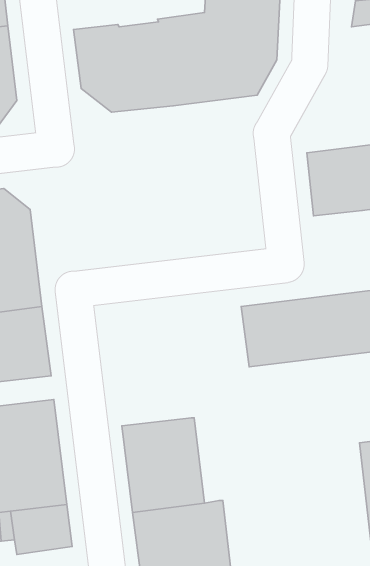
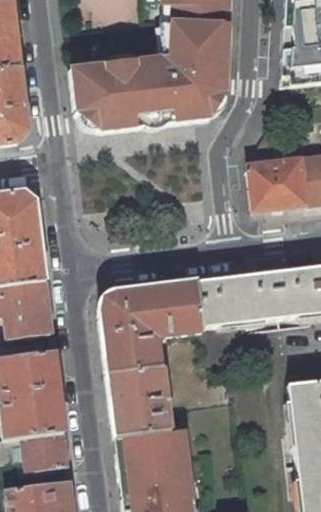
building: none -> [100,280,204,371]

